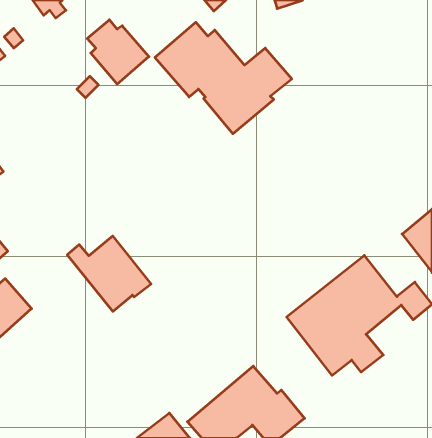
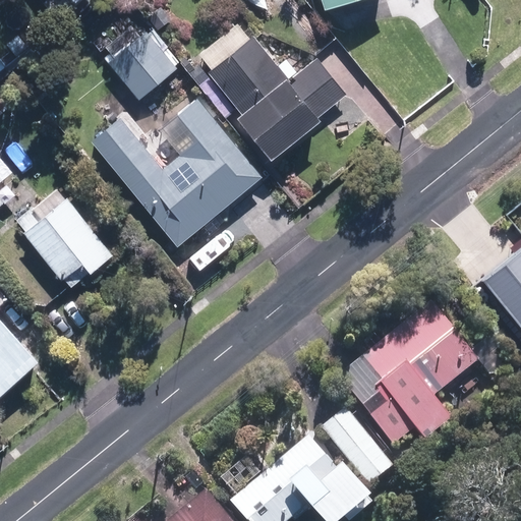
building: none -> [93,99,265,246]
building: [67,236,151,311] -> [15,198,115,288]
building: none -> [314,407,387,484]

